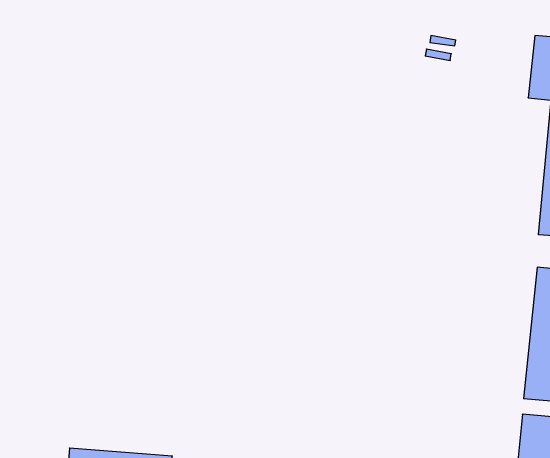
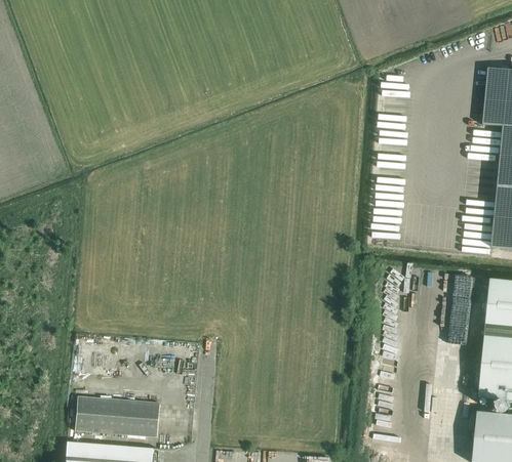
building: none -> [74,395,160,436]

